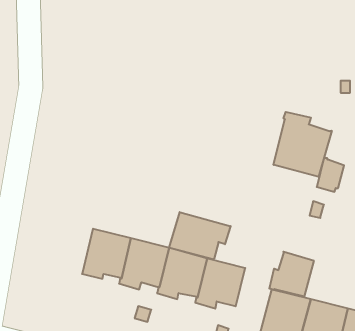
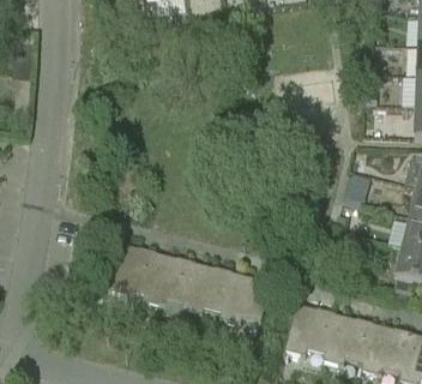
building: [274,112,332,177] -> none
building: [169,212,231,260] -> none
building: [269,252,314,296] -> none

